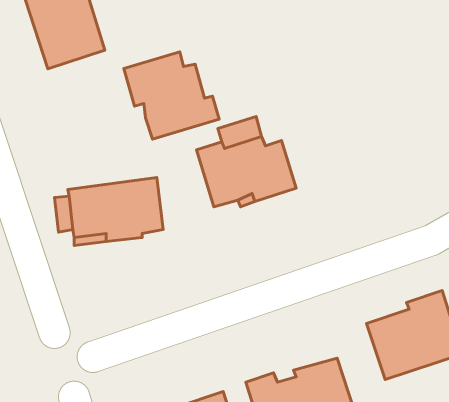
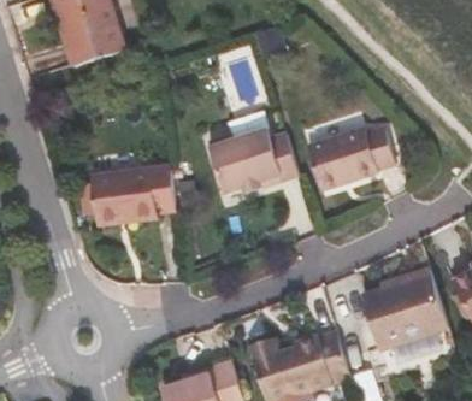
building: [124,52,219,139] -> none
building: none -> [307,124,395,187]

